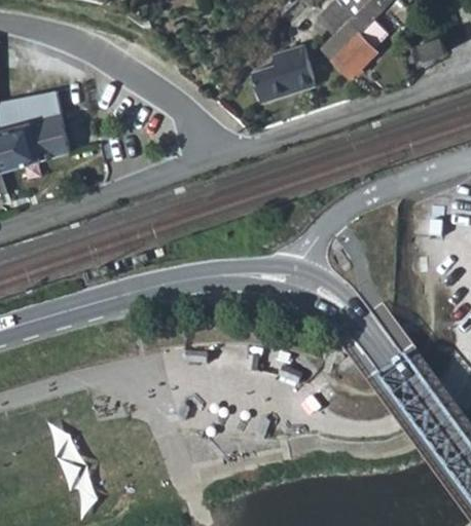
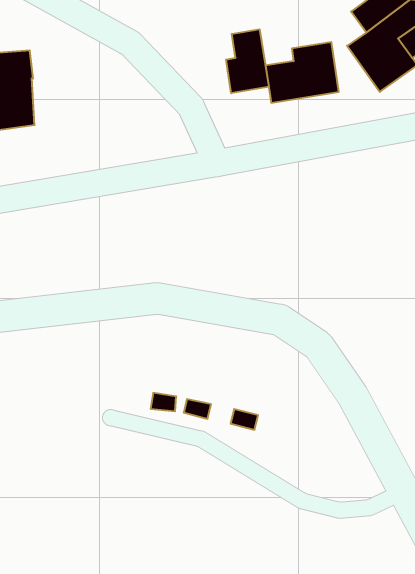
building: none -> [226,29,269,93]

